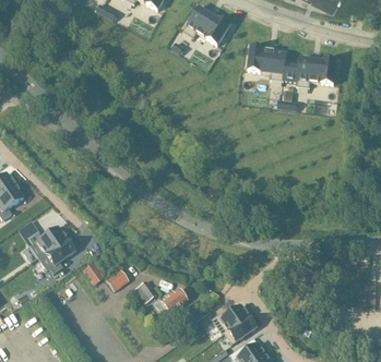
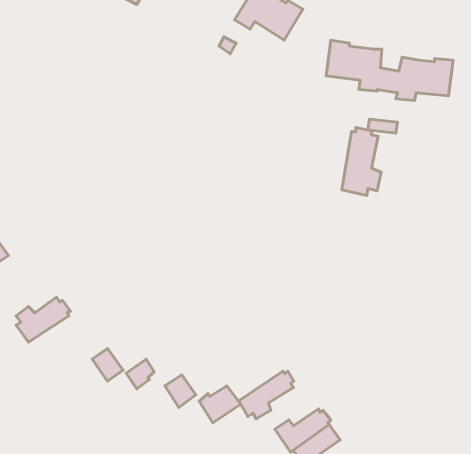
building: none -> [342,127,381,195]
building: [37,239,74,273] -> none
building: none -> [239,371,294,419]

